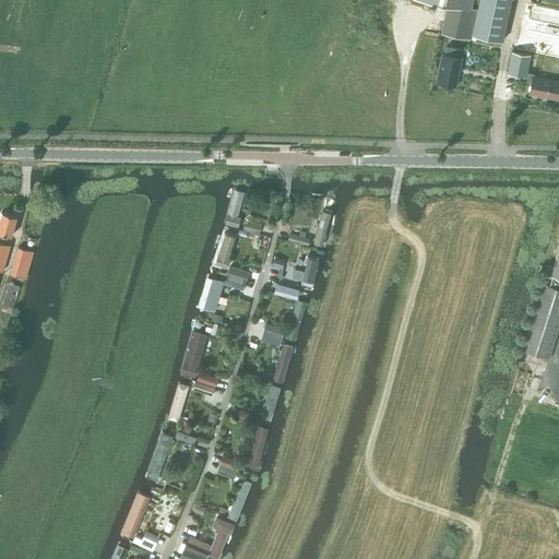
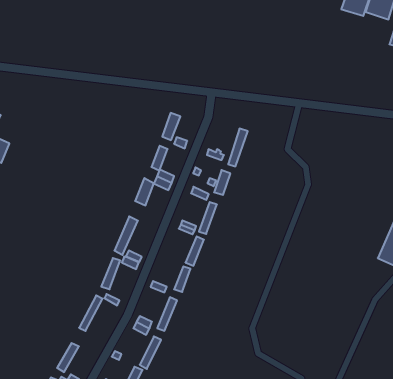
building: [436,46,461,85] -> none

